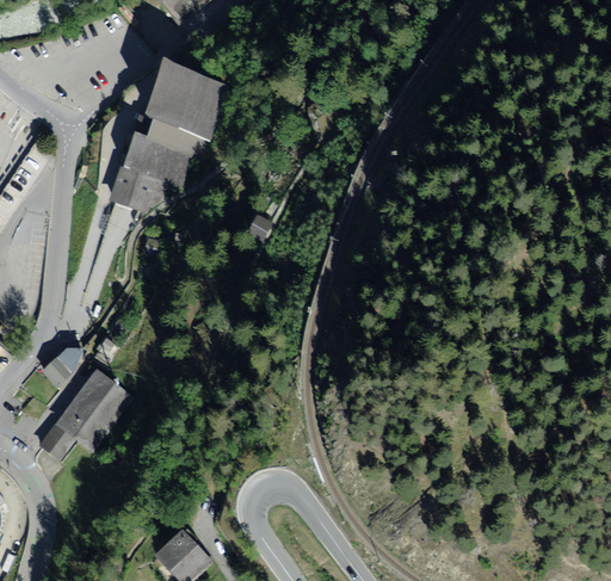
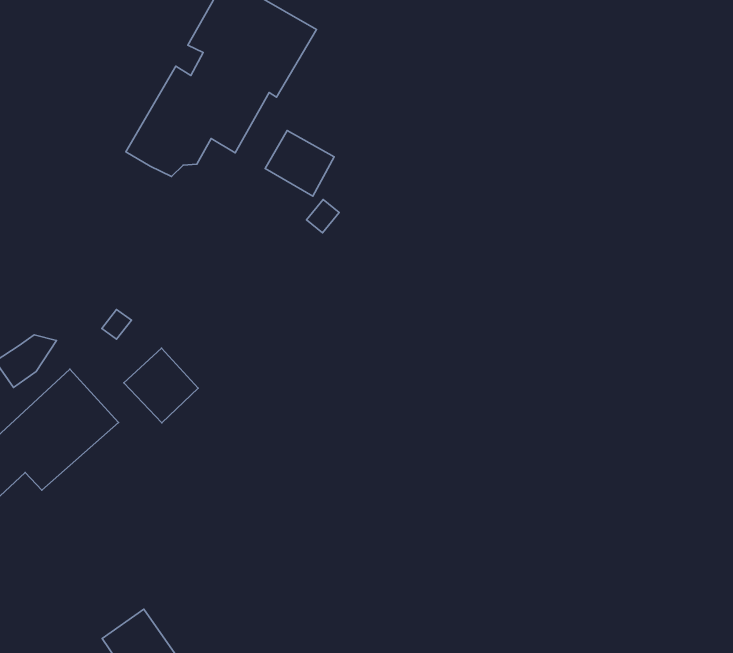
building: none -> [265,131,334,196]
building: none -> [124,348,198,423]

